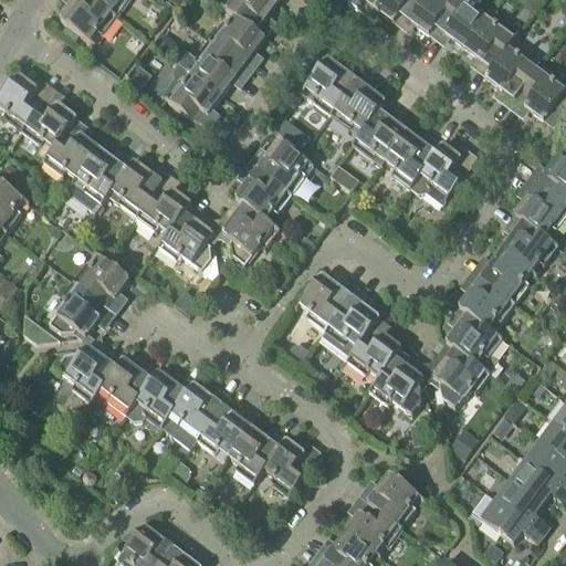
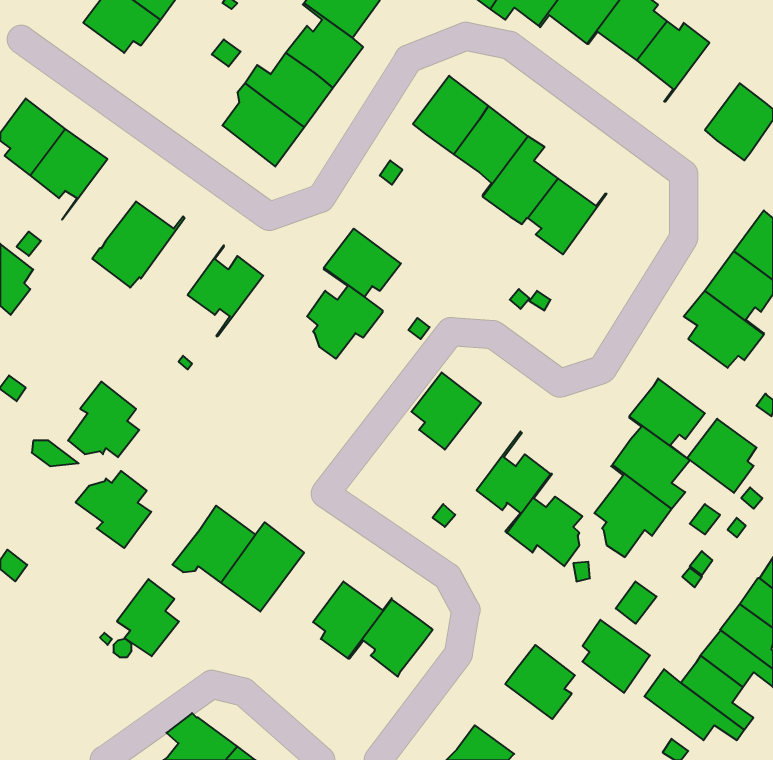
building: [486,31,541,95] -> none
building: [45,116,99,176] -> none
building: [259,137,315,192] -> none
building: [411,142,472,202] -> none
building: [103,159,164,216] -> none
building: [159,201,214,269] -> none
building: [481,248,532,302] -> [687,419,757,493]
building: [74,254,130,298] -> none
building: [323,294,380,358] -> none
building: [101,356,146,412] -> [117,579,179,656]
building: [197,403,251,454] -> none
building: none -> [582,620,650,693]
building: [347,500,403,551] -> none

